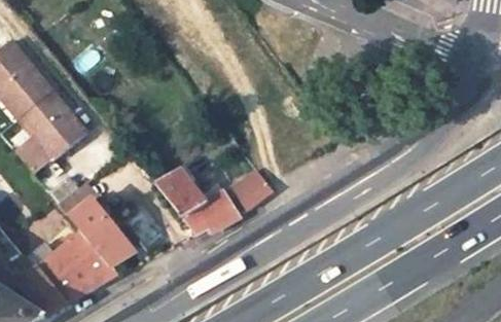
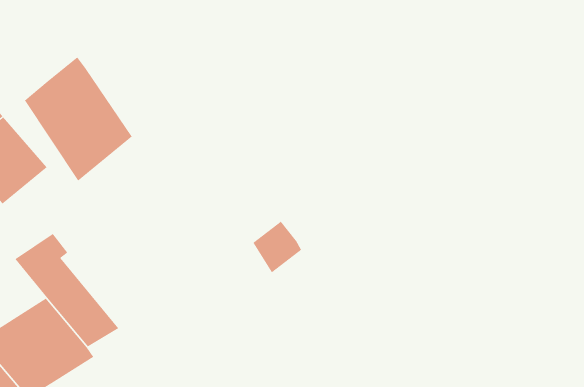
building: none -> [24,56,132,181]
building: [154,168,238,234] -> none

